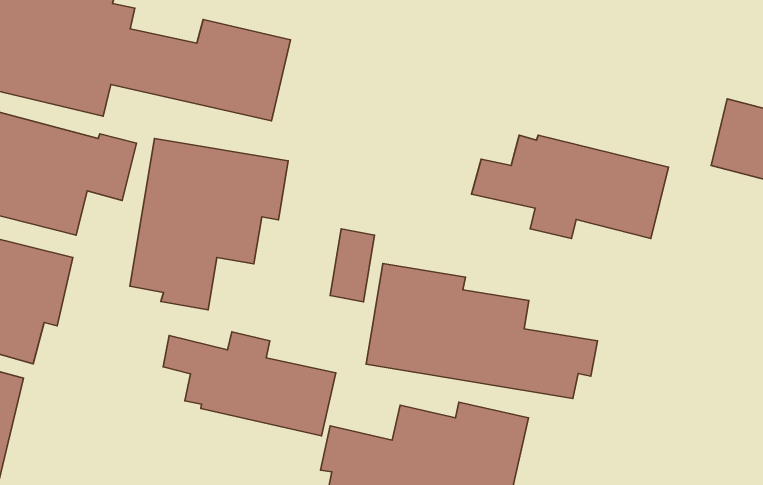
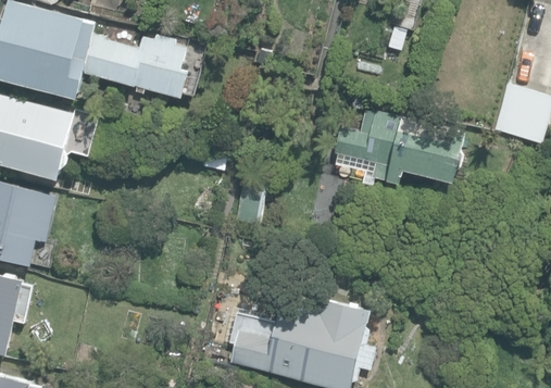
building: [130,139,288,310] -> none
building: [366,263,597,399] -> none
building: [163,332,336,436] -> none

